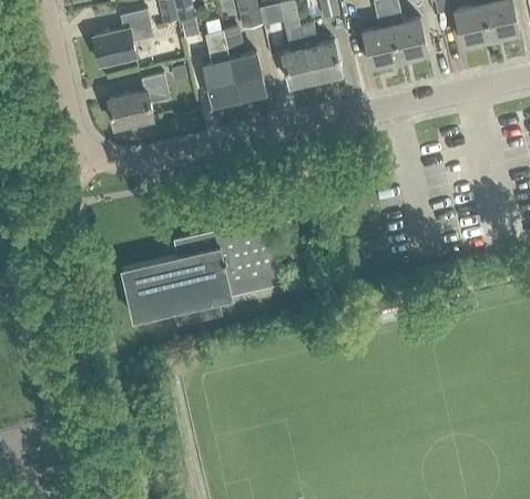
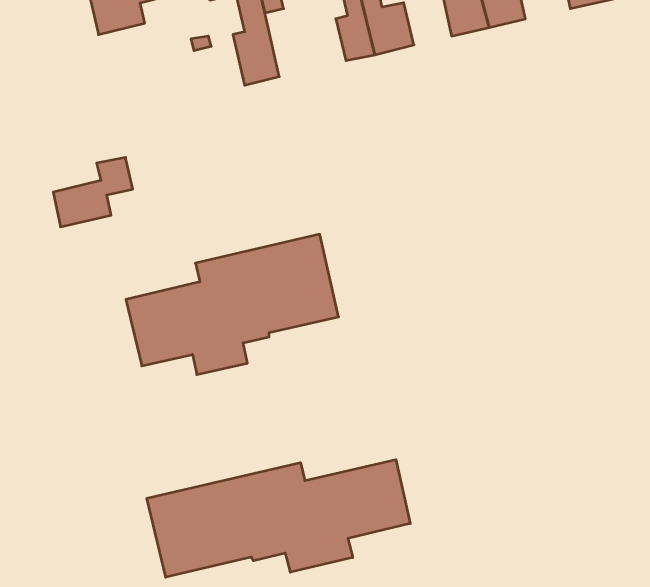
building: [230,54,265,99] -> none
building: [108,74,169,128] -> [53,157,133,227]
building: none -> [147,460,410,577]

